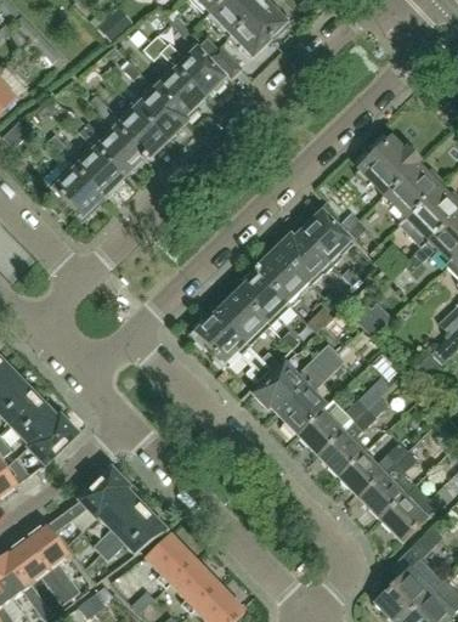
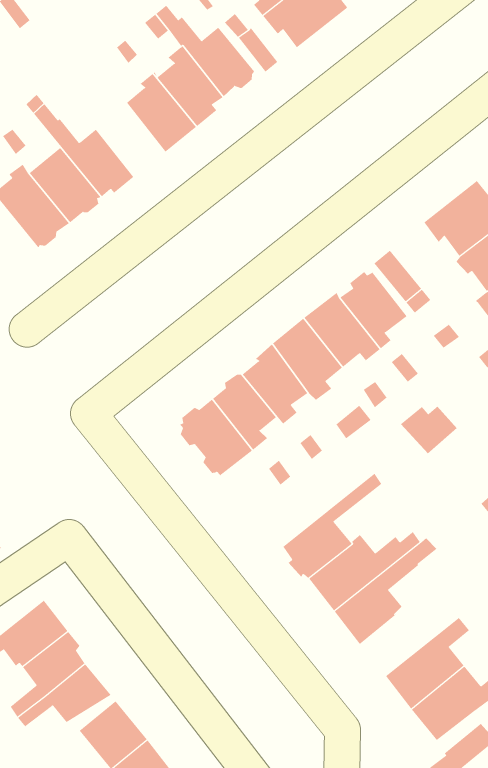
building: [89,94,166,159] -> none
building: [254,345,339,413] -> none
building: [340,440,409,498] -> none

